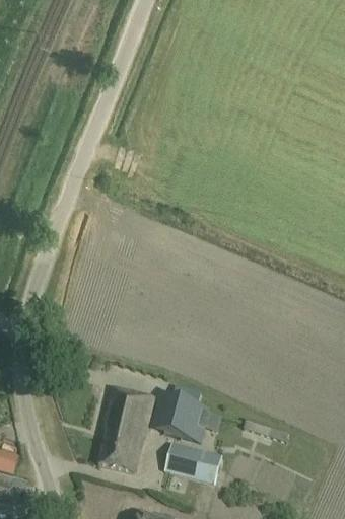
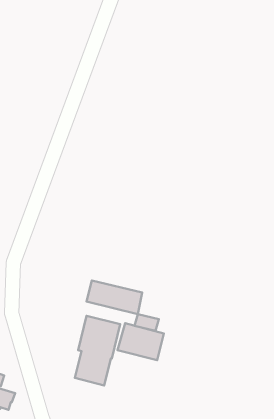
building: none -> [87,280,142,314]
building: [162,441,221,483] -> none

